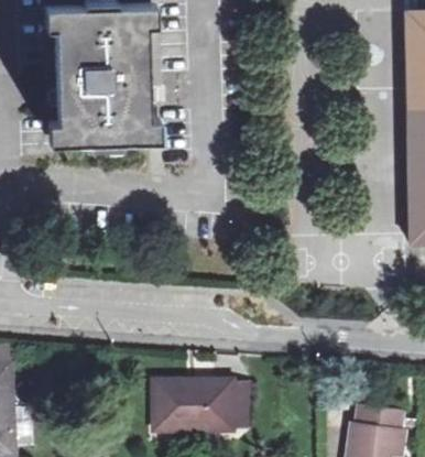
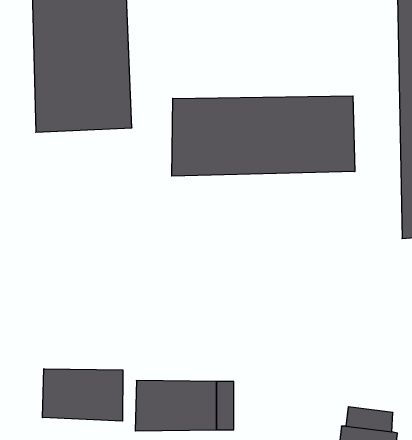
building: none -> [172,96,355,176]
building: none -> [43,369,123,421]

